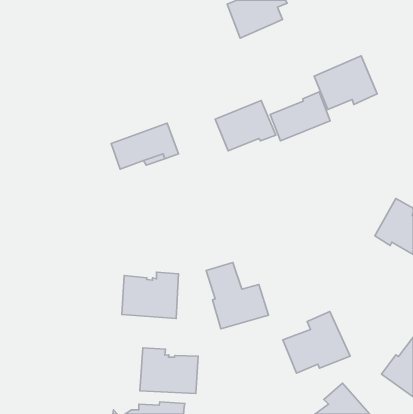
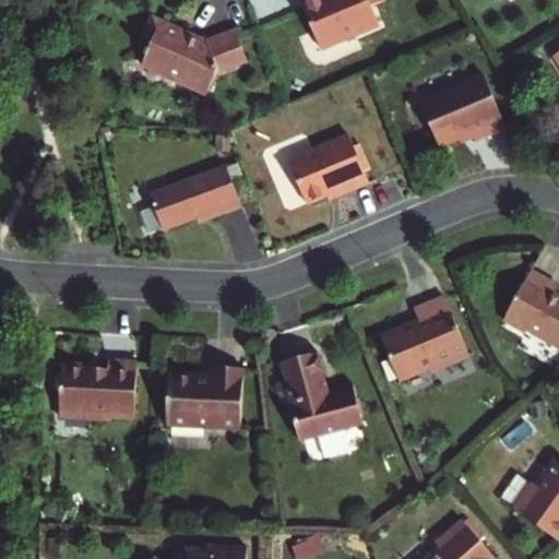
building: none -> [144,15,246,95]
building: [270,92,330,141] -> none
building: none -> [56,358,133,416]
building: [283,312,350,373] -> [380,294,471,377]
building: [140,348,198,394] -> none

